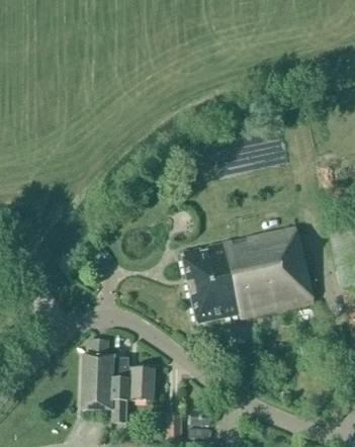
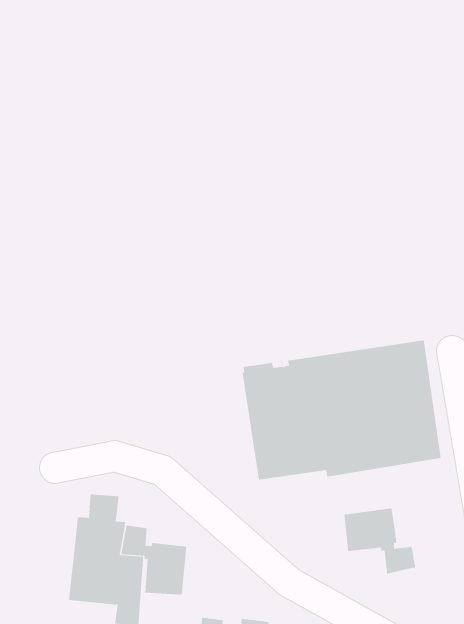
building: none -> [344,507,416,575]

